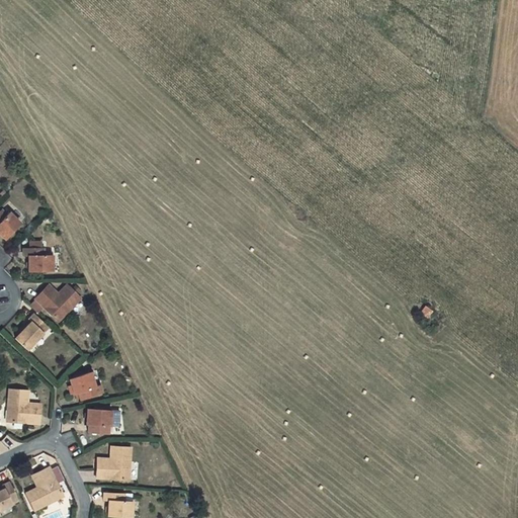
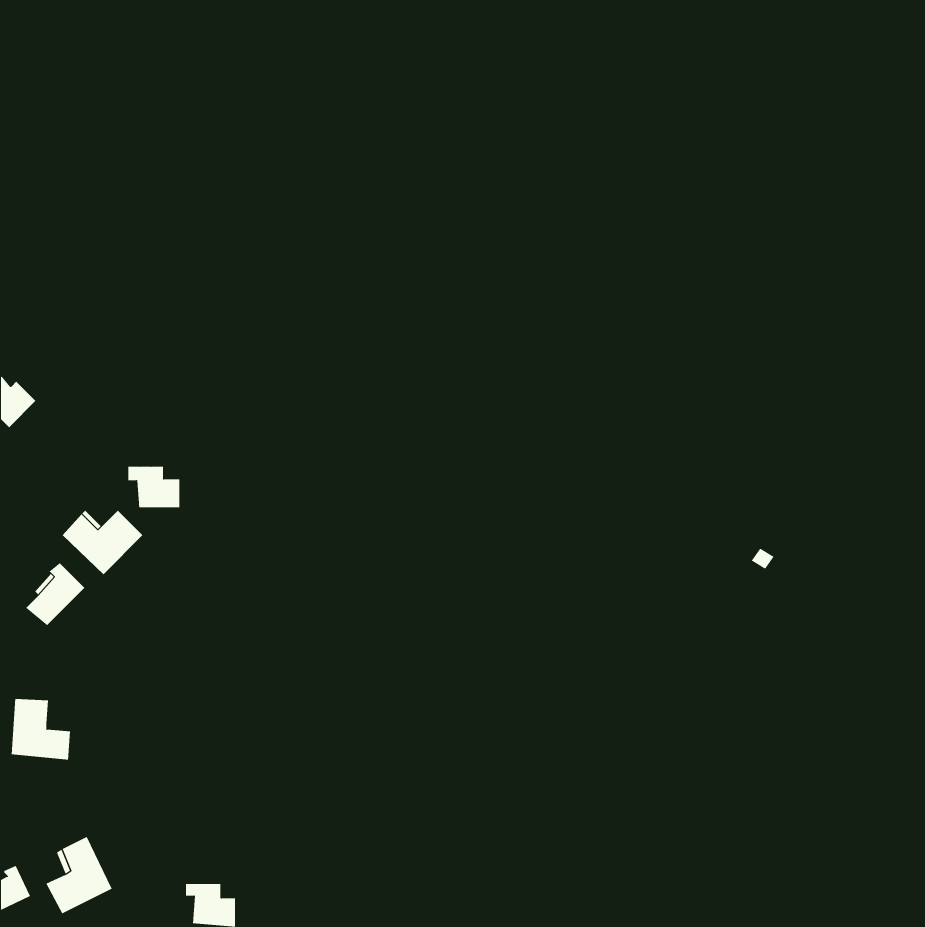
building: [23,248,53,271] -> [127,466,180,508]
building: [70,371,102,400] -> none
building: [87,409,111,433] -> none
building: [97,446,132,480] -> none

